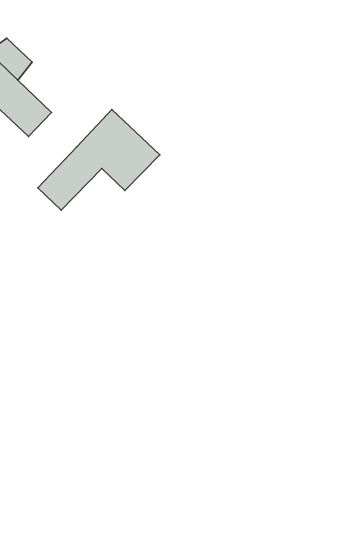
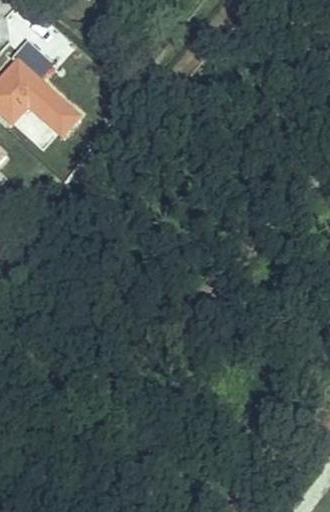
building: [38,109,160,210] -> none

